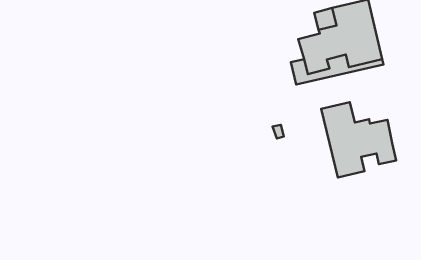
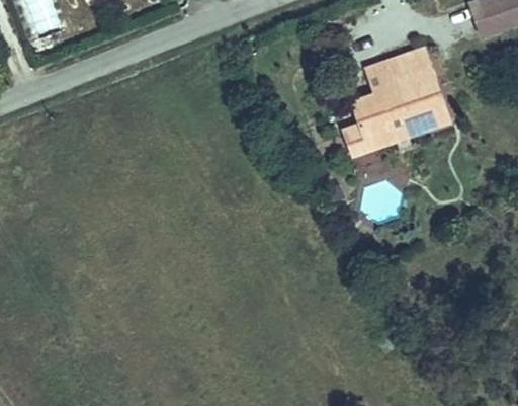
building: [321,102,396,177] -> none

